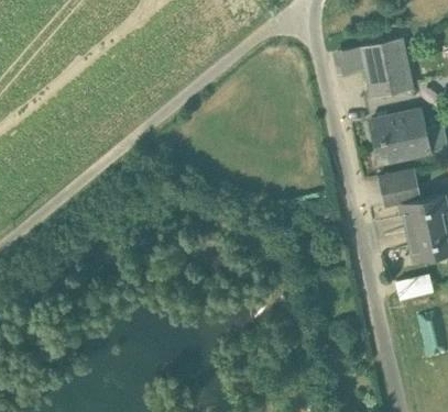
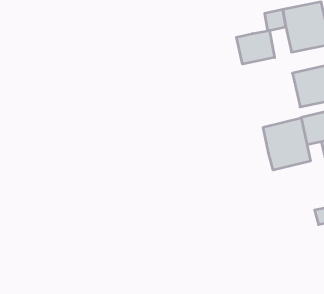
building: none -> [236,30,275,64]
building: none -> [263,118,310,170]

